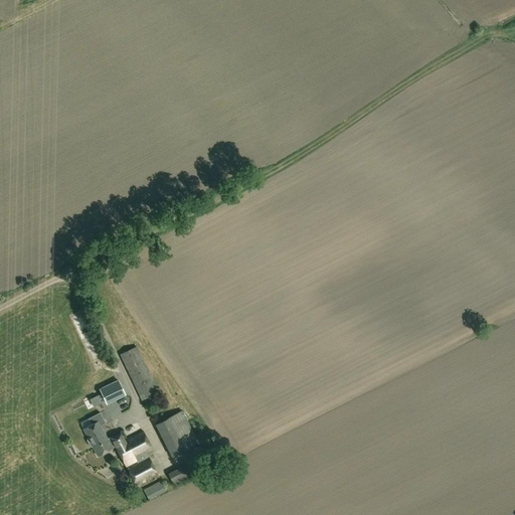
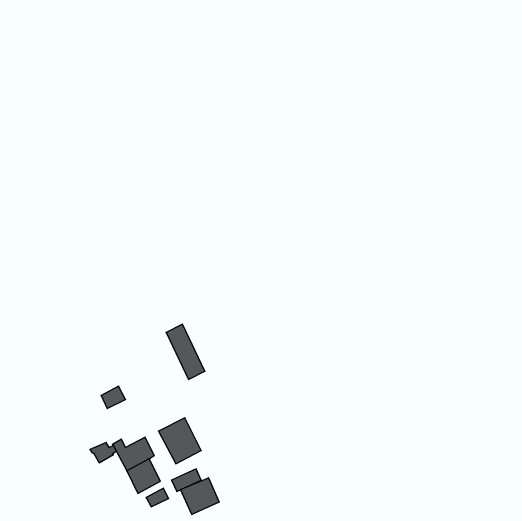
building: [121,346,159,400] -> [166,324,205,379]
building: [83,412,106,443] -> none
building: none -> [180,478,219,515]

